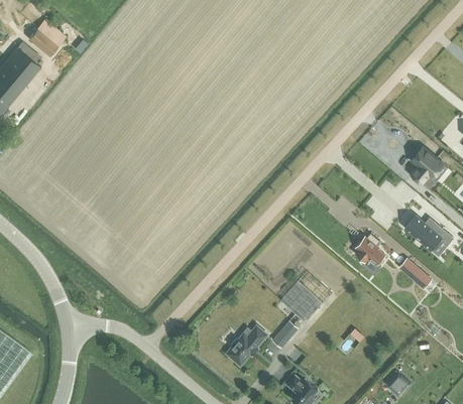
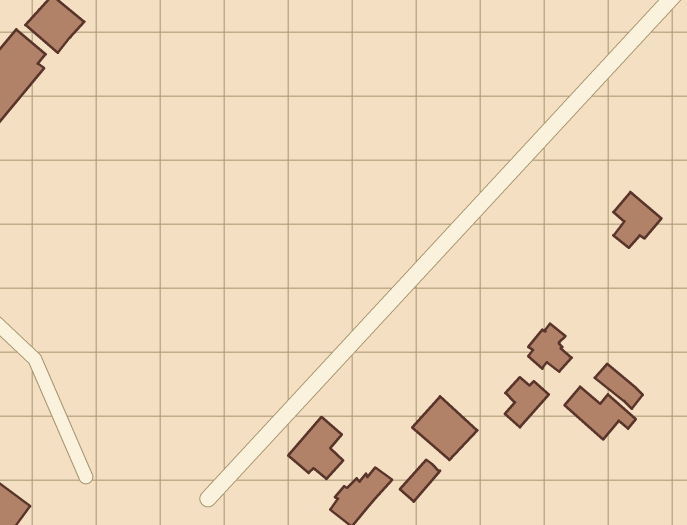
building: [406,216,452,250] -> [565,387,636,439]
building: none -> [505,377,549,427]
building: none -> [288,417,343,479]

